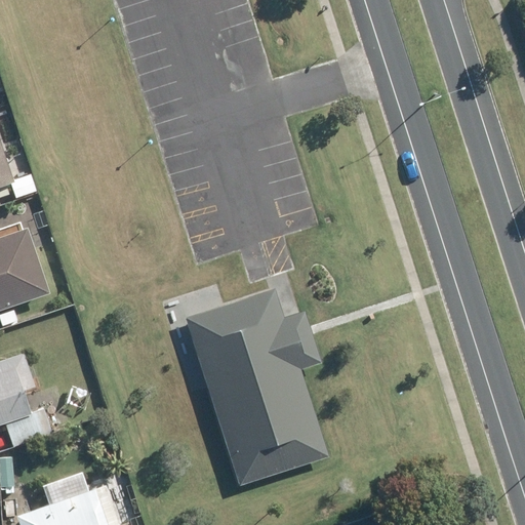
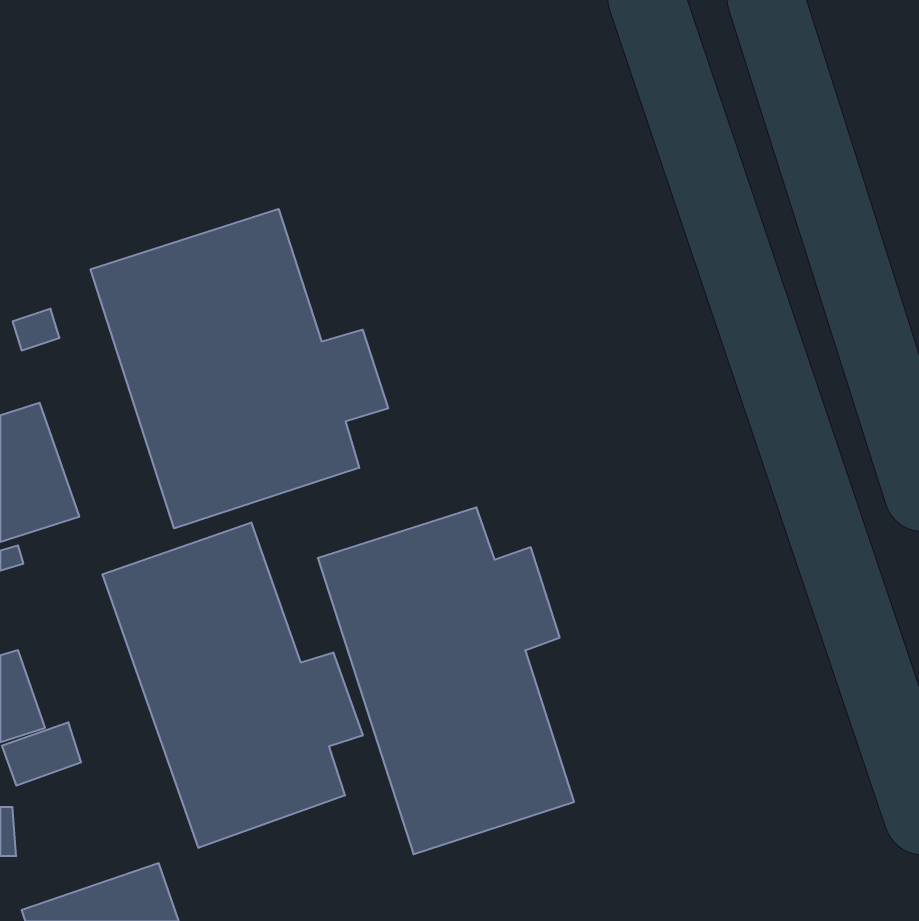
building: none -> [91,209,388,528]
building: none -> [102,522,363,848]

